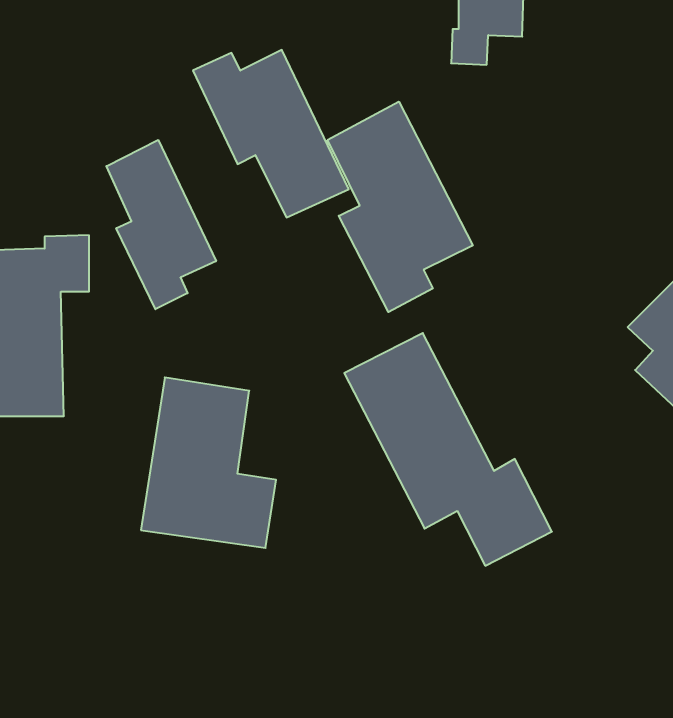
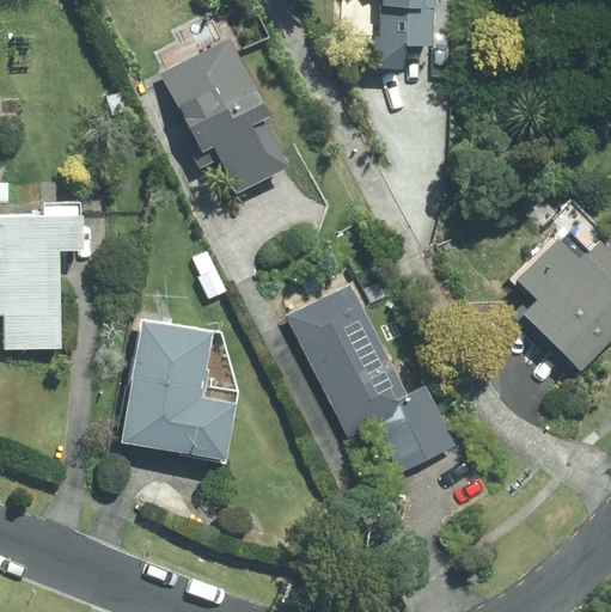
building: [328,102,473,312] -> none
building: [106,140,216,309] -> none

